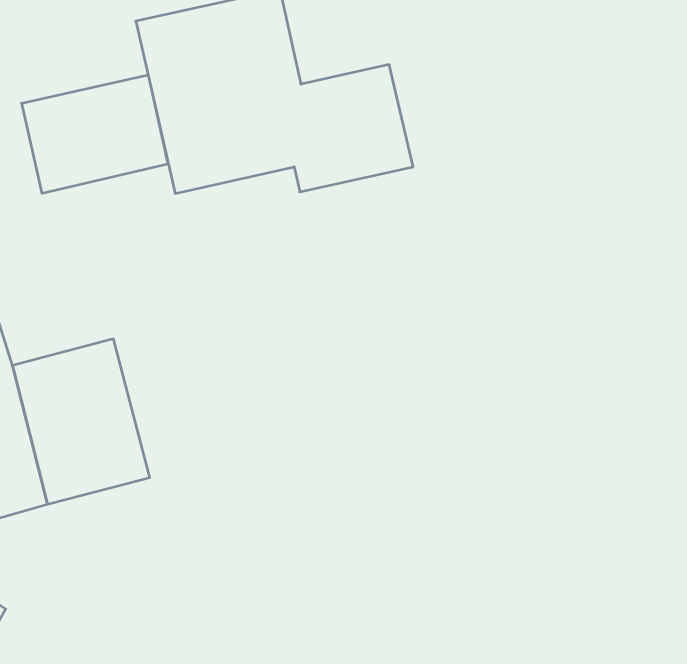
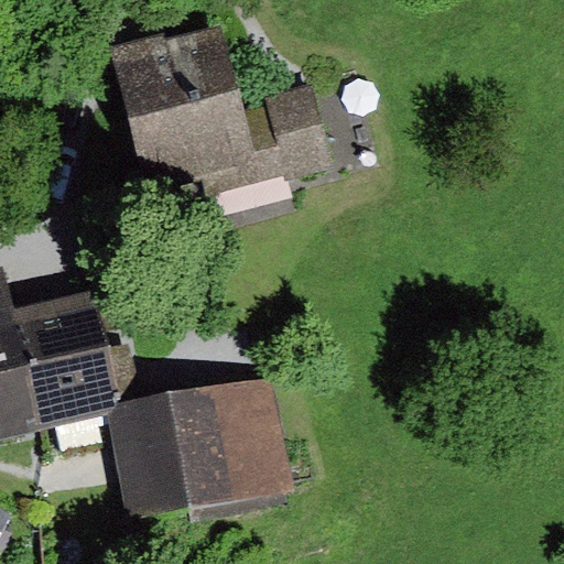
building: [22,75,168,193] -> none
building: none -> [107,390,292,521]

